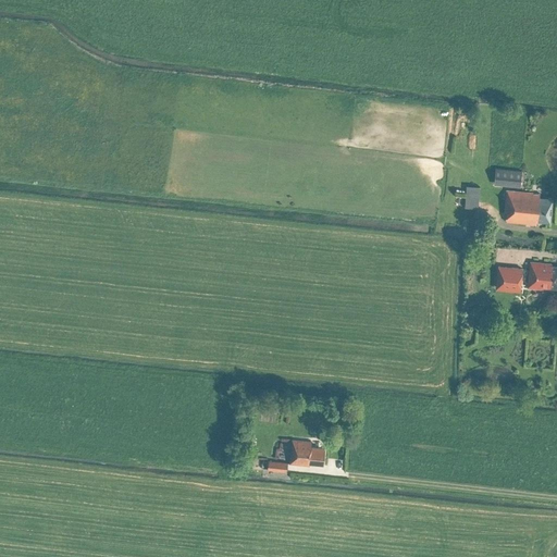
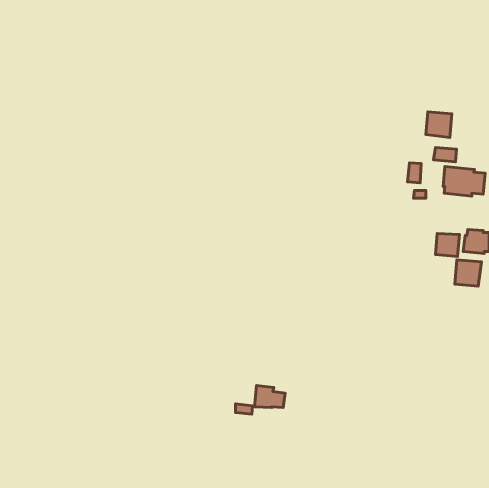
building: none -> [426,112,452,138]
building: none -> [455,260,481,286]

